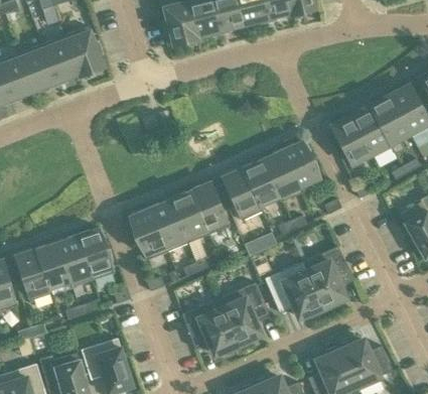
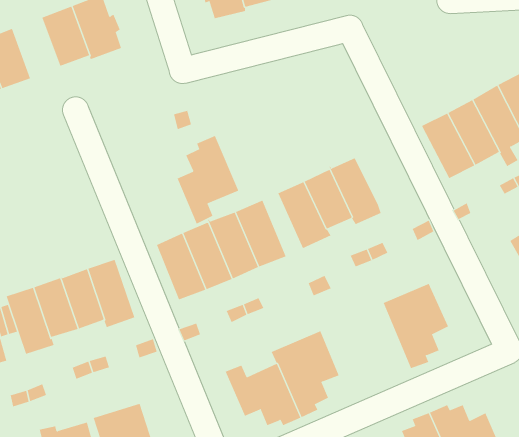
building: [20,44,56,91] -> none
building: none -> [177,135,239,224]
building: [282,141,320,187] -> none
building: [266,262,324,319] -> none

